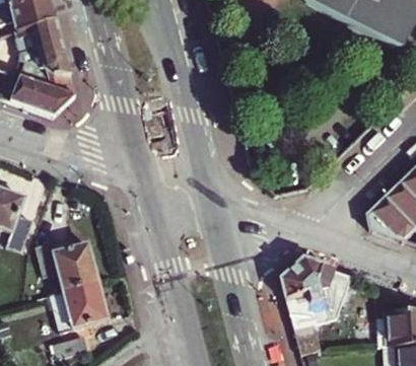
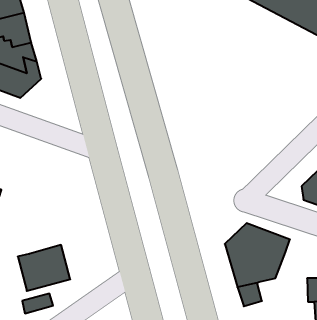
building: [34,240,97,290] -> none

